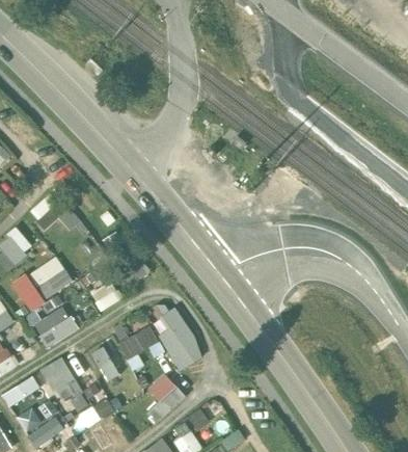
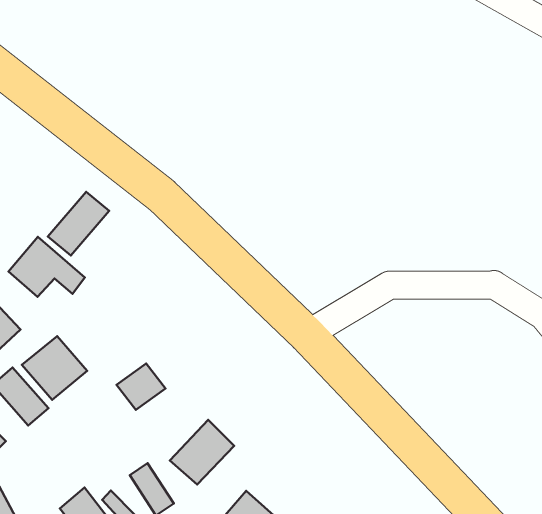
building: none -> [48,192,109,255]
building: [32,305,77,349] -> none
building: [157,307,202,370] -> none

